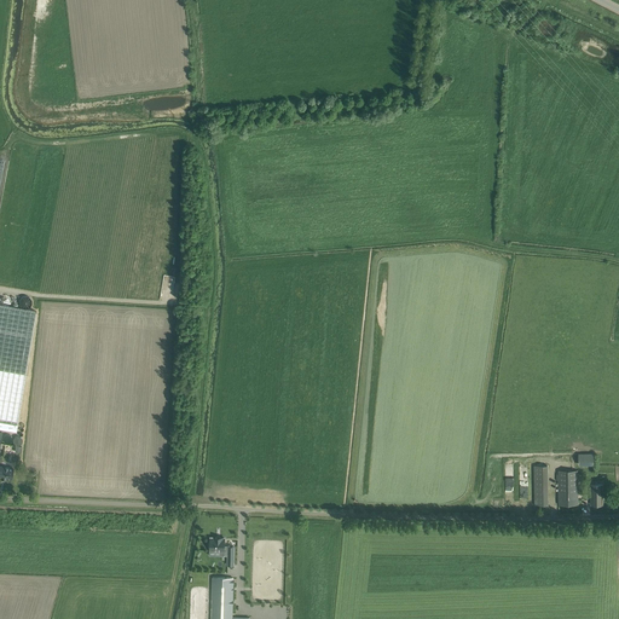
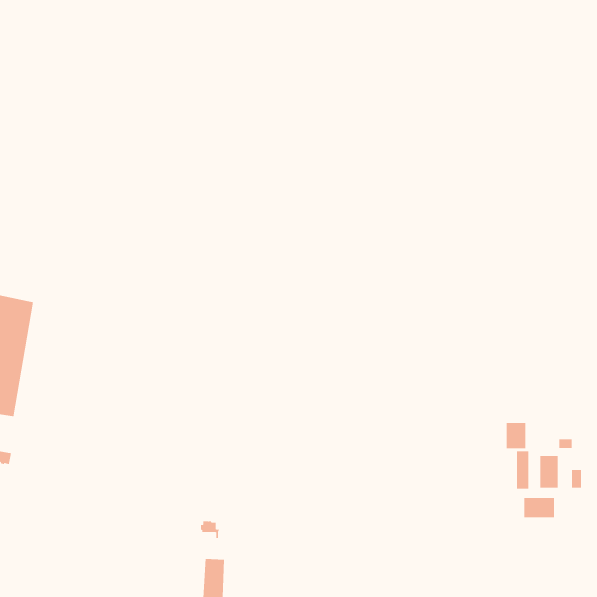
building: none -> [506,422,526,449]
building: none -> [524,497,555,518]

